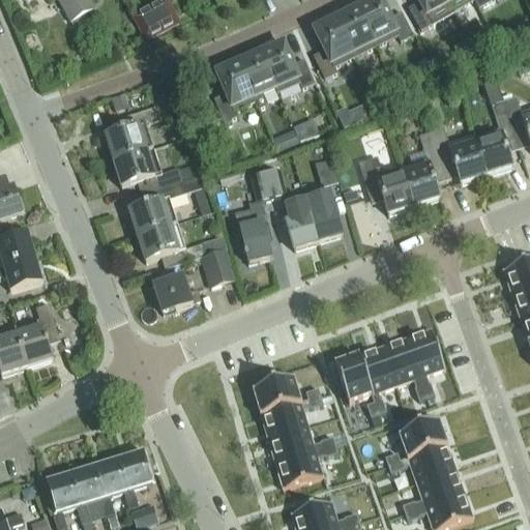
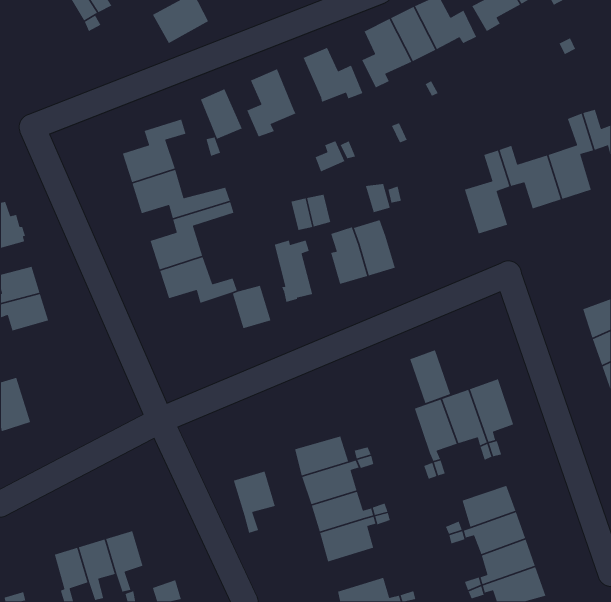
building: [240,50,277,94] -> [200,88,243,140]
building: [358,155,414,211] -> none
building: [153,272,201,311] -> none
building: [14,301,57,365] -> none
building: [335,353,372,401] -> [409,349,451,404]
building: [115,450,152,505] -> [233,471,276,534]

